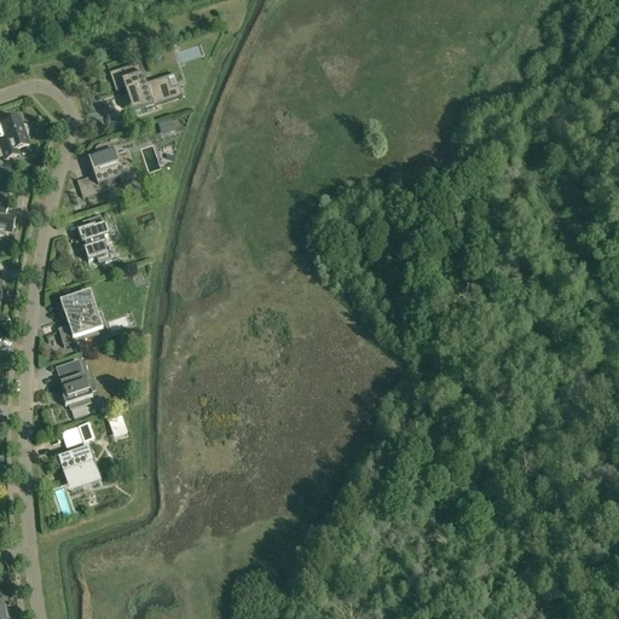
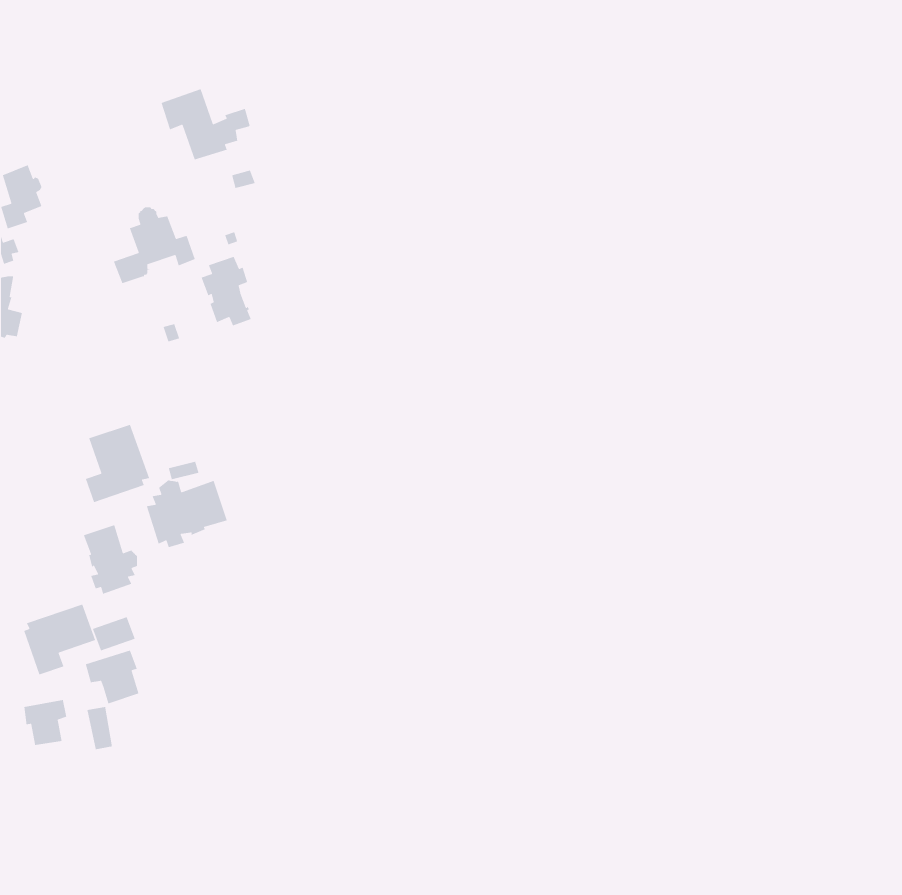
building: [77,214,112,262] -> [201,256,252,327]
building: none -> [146,480,228,548]
building: none -> [23,603,96,676]
building: none -> [23,699,67,746]

